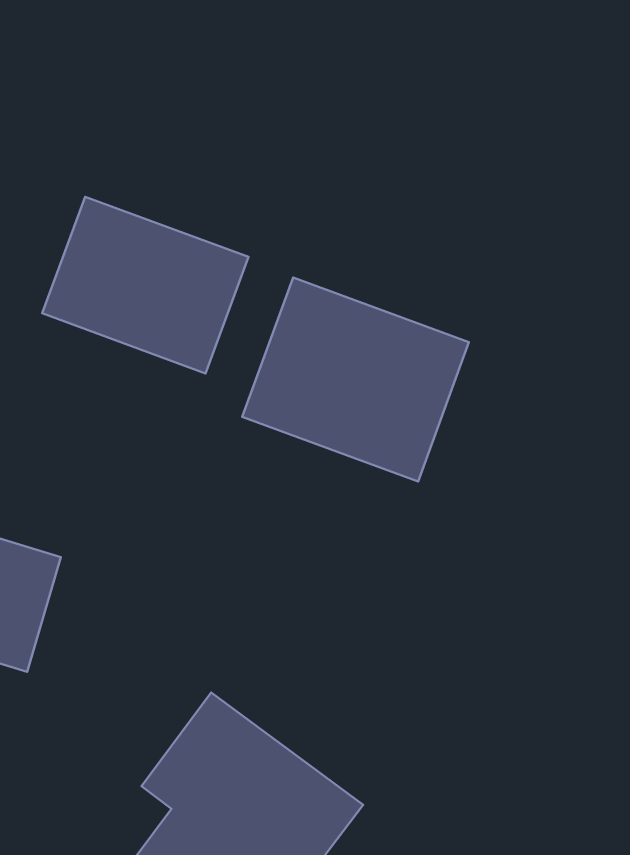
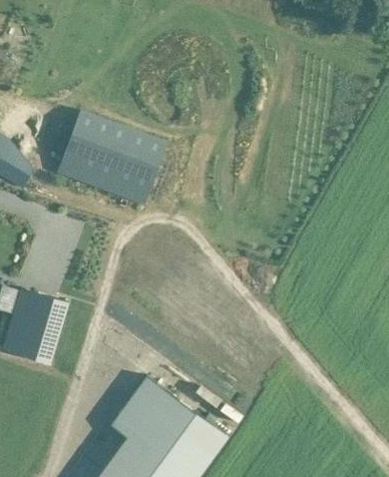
building: [242,278,469,482] -> none

